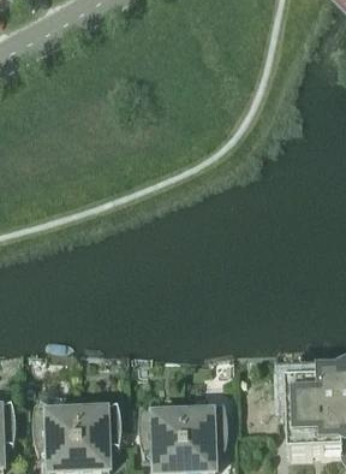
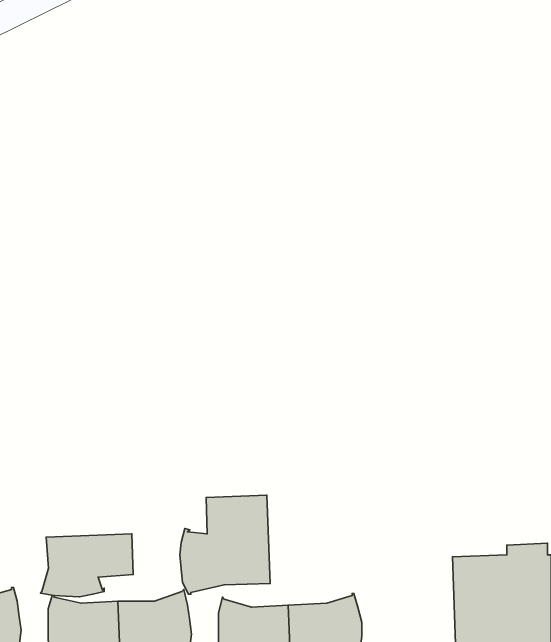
building: none -> [180,495,270,594]
building: none -> [40,534,133,597]

